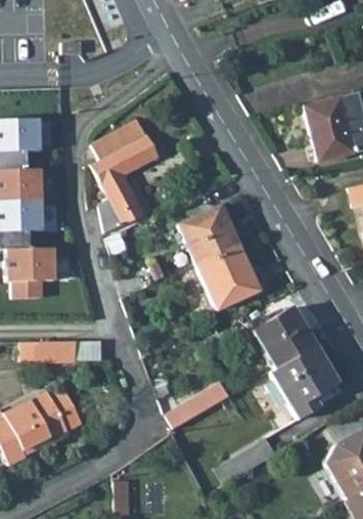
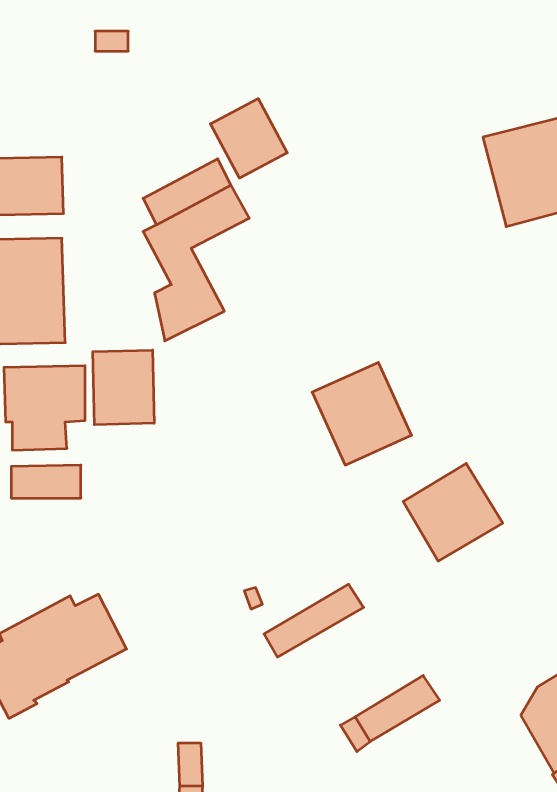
building: none -> [210,99,287,178]
building: [179,205,238,263] -> none
building: none -> [93,350,154,425]
building: [34,340,77,360] -> [11,465,81,498]
building: [270,344,337,418] -> none

